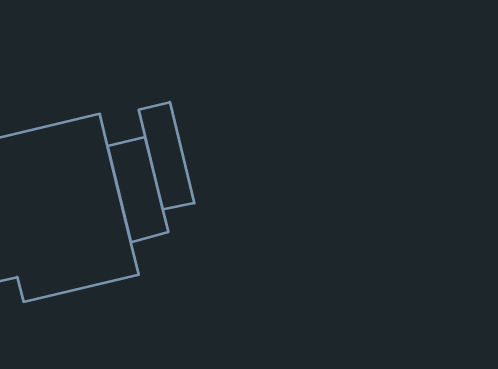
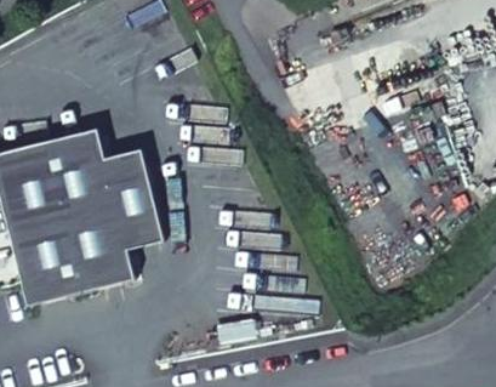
building: [139,102,194,210] -> none

